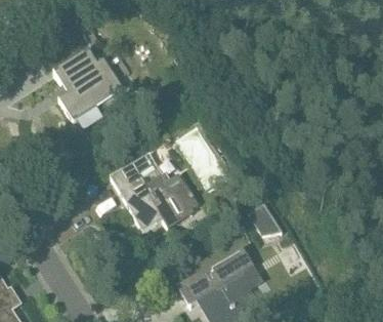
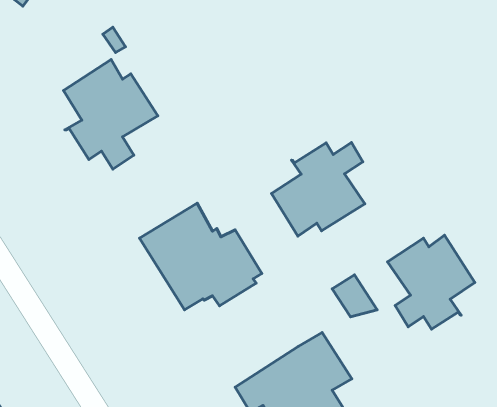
building: none -> [271,143,365,236]
building: none -> [388,235,475,329]

